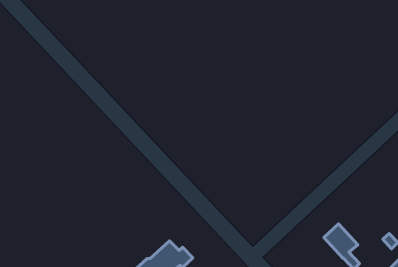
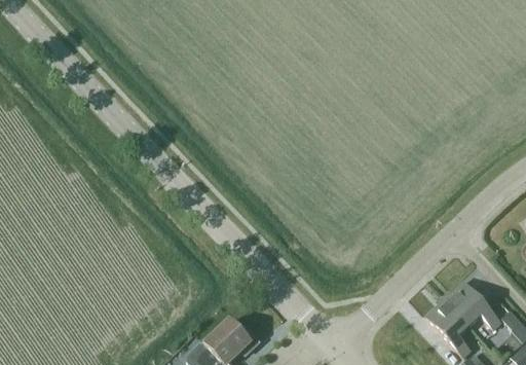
building: none -> [445,281,500,329]

